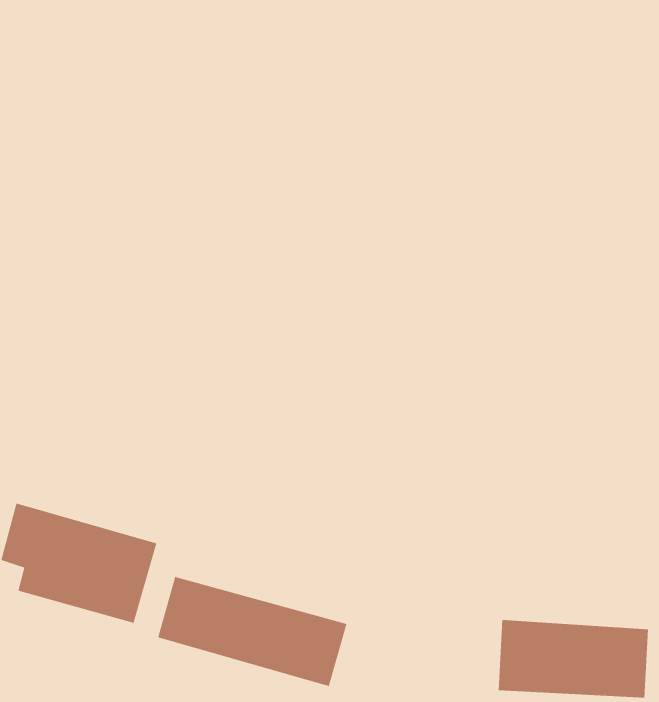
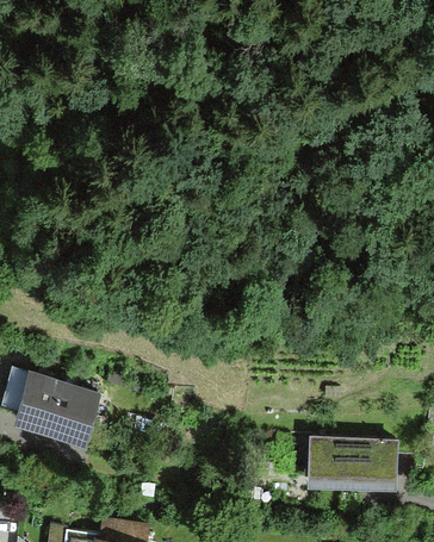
building: [158,576,347,687] -> none

